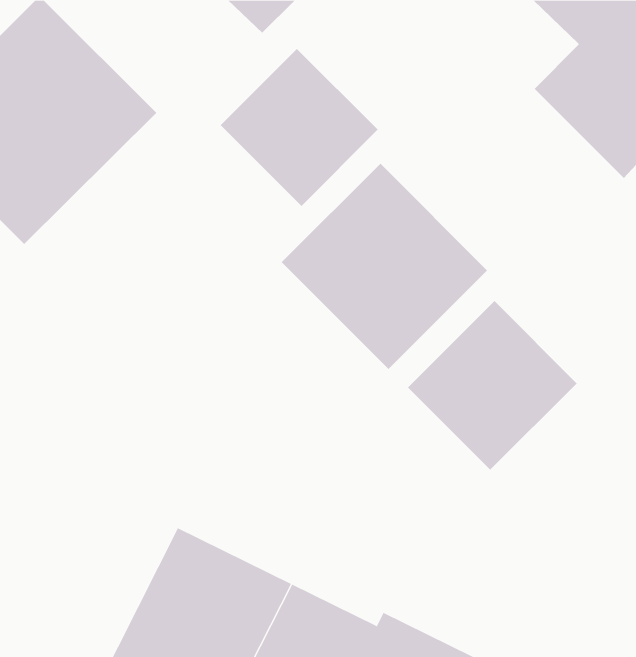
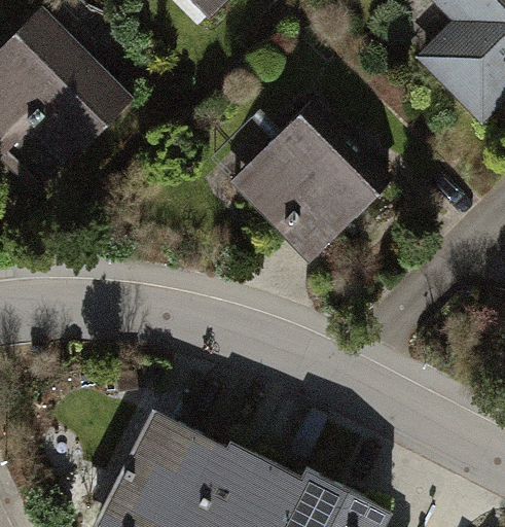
building: [220,48,379,207] -> none
building: [407,300,577,471] -> none

